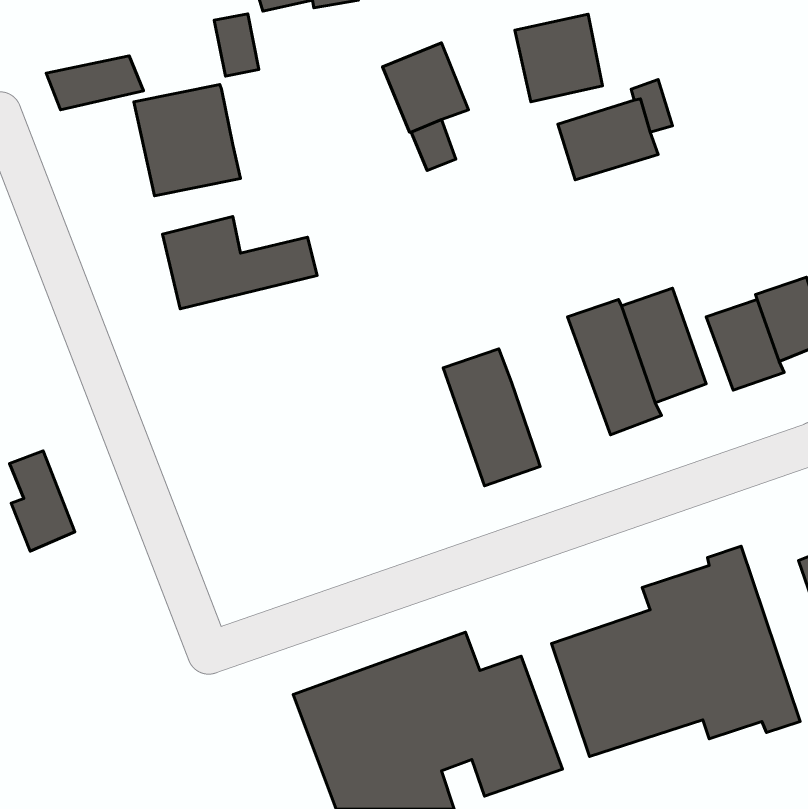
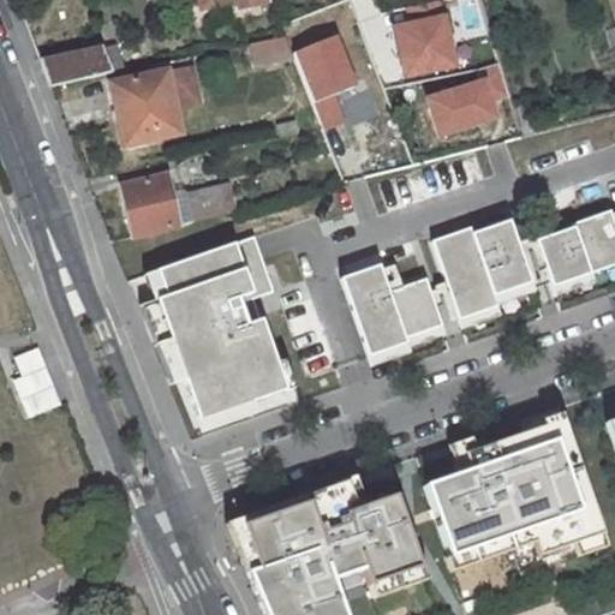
building: [214,14,259,76] -> [172,62,205,109]
building: none -> [144,234,293,436]
building: none -> [390,276,447,345]

